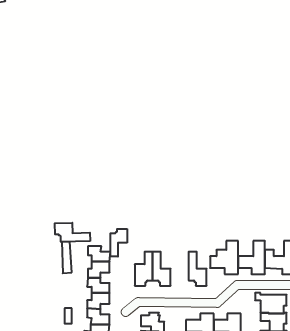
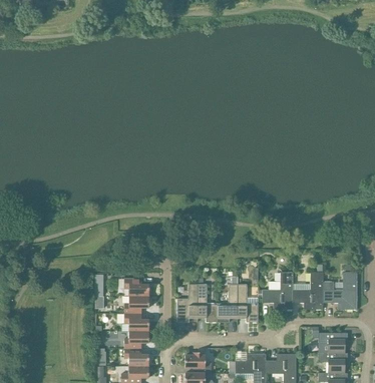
building: [55,223,90,242] -> none
building: [110,229,127,257] -> none
building: none -> [218,284,238,322]

